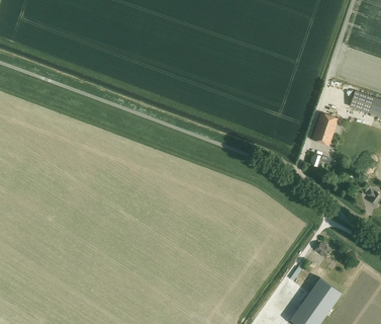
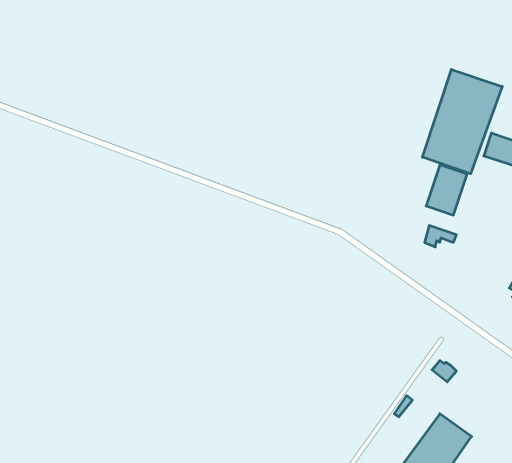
building: none -> [422,69,502,174]

